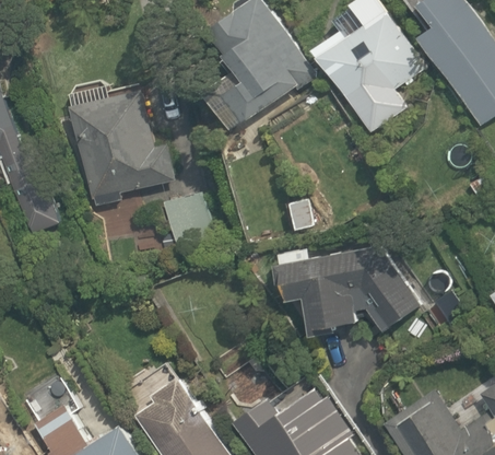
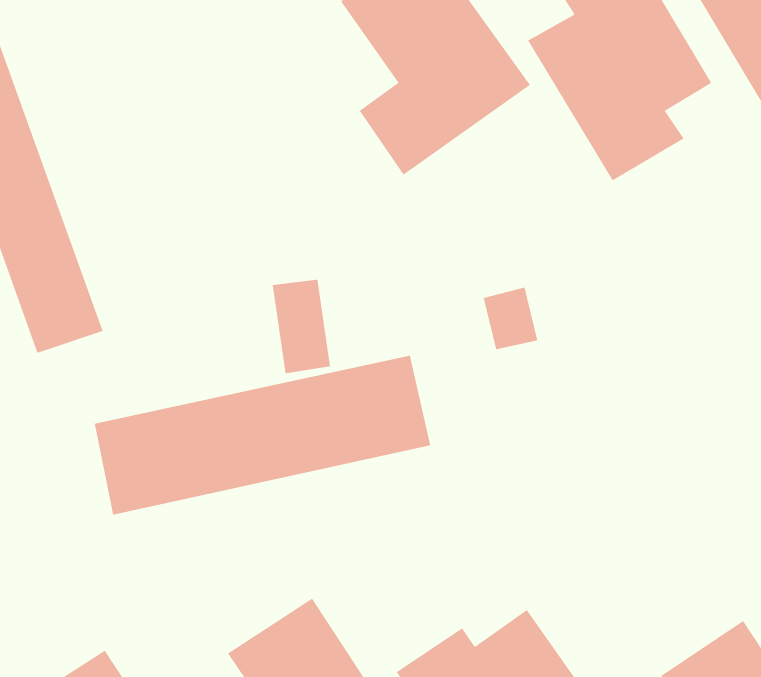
building: [69,78,172,200] -> none
building: none -> [94,355,431,516]
building: [278,246,417,336] -> none

